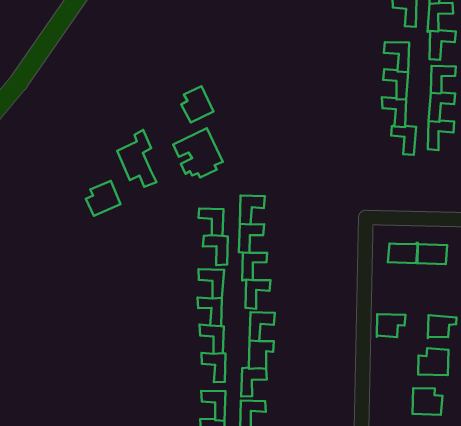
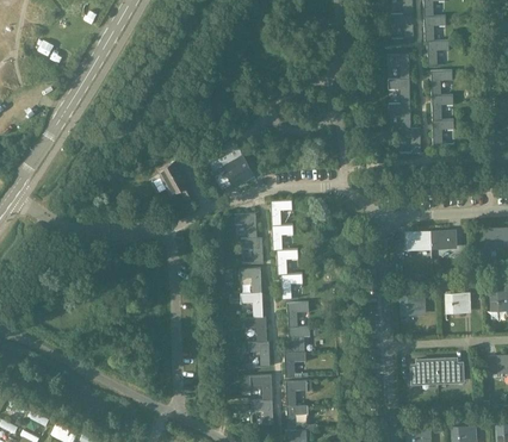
building: [181,86,214,123] -> none
building: [86,181,121,216] -> none
building: [418,348,449,375] -> [409,360,436,384]

